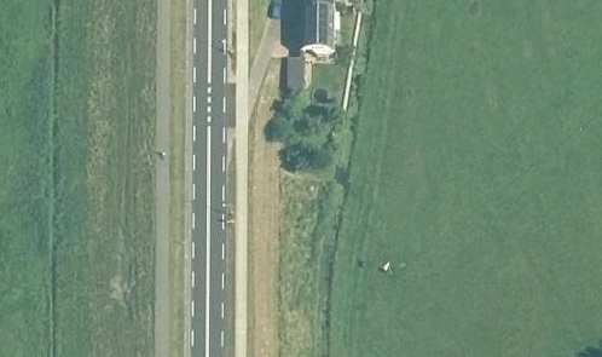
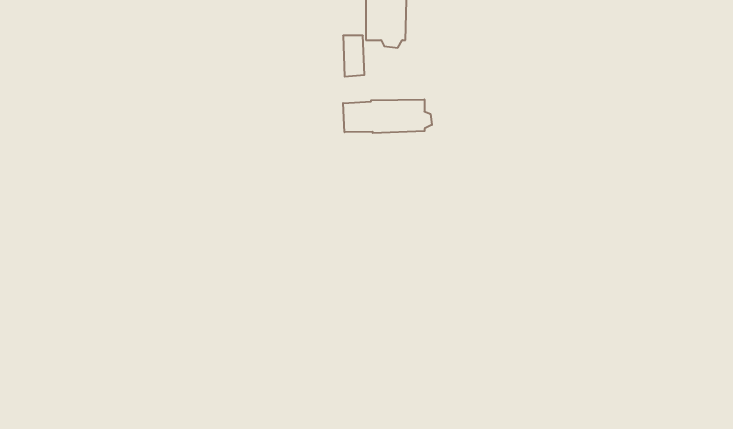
building: none -> [343,99,432,133]

